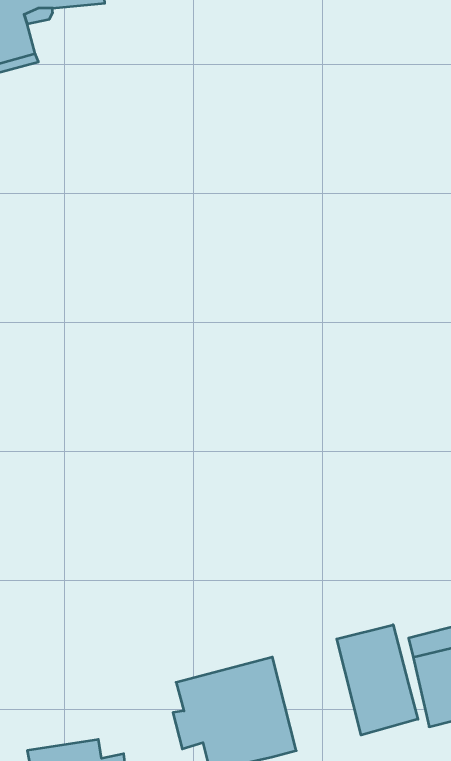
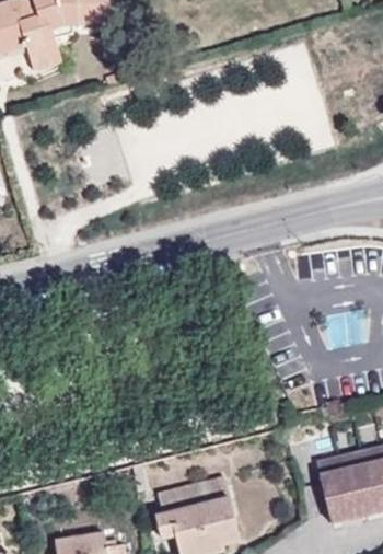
building: [337,625,418,735] -> none

